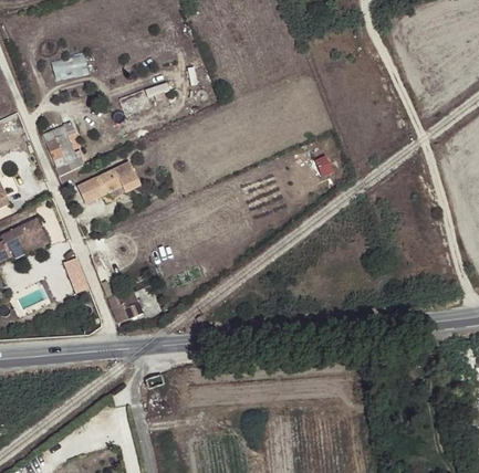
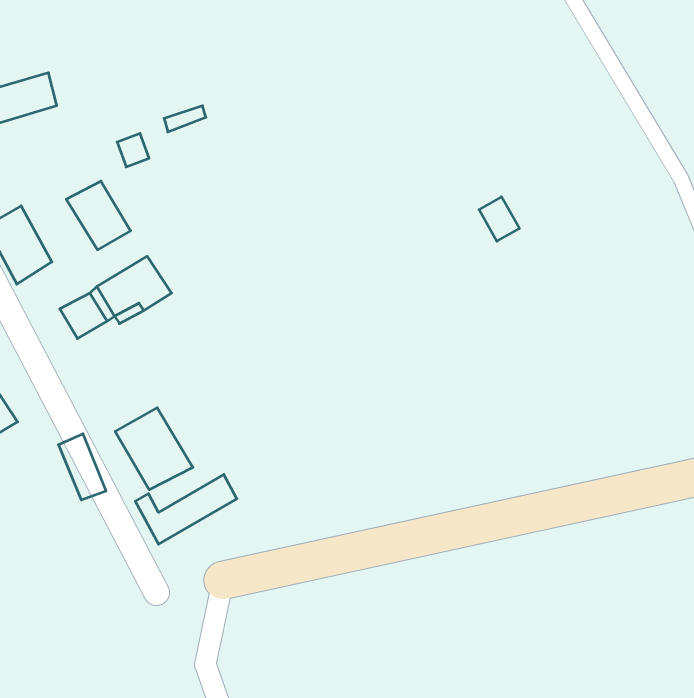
building: none -> [66,181,131,250]
building: none -> [115,408,193,490]

